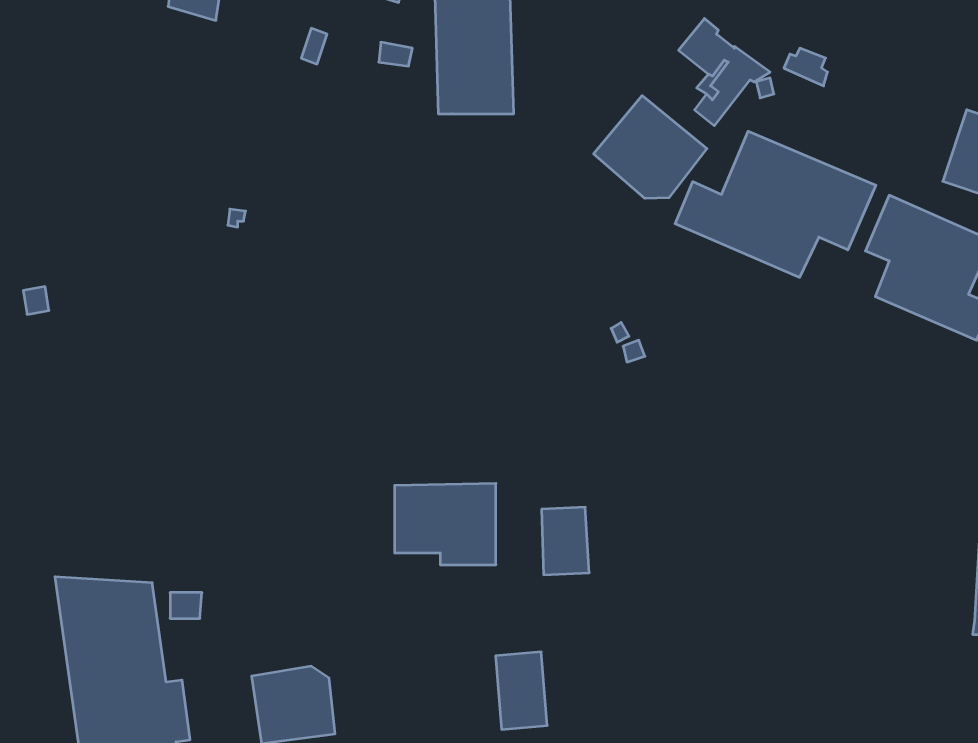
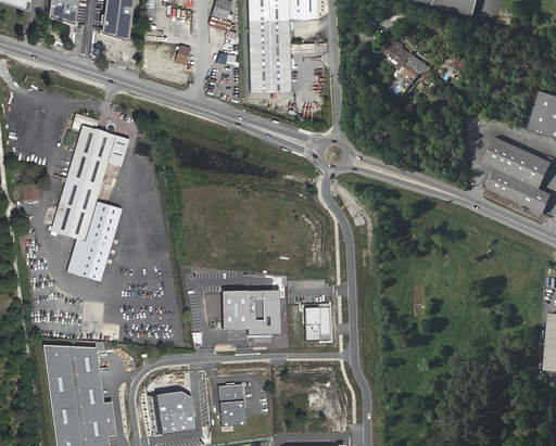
building: [594,96,707,198] -> none
building: [675,131,876,277] -> none
building: none -> [48,114,129,282]
building: [496,652,547,729] -> [218,384,247,426]

